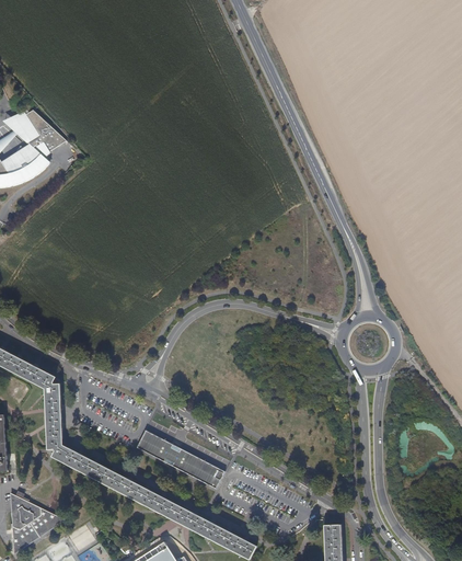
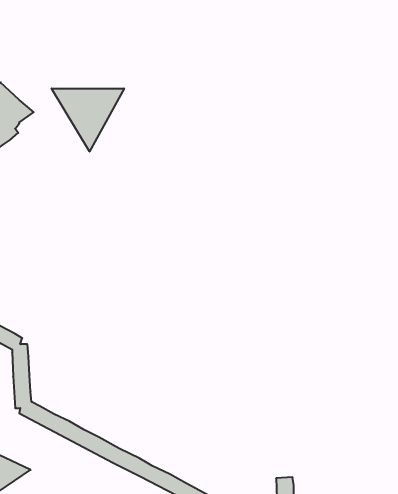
building: none -> [52,88,124,152]
building: [137,430,222,488] -> none

